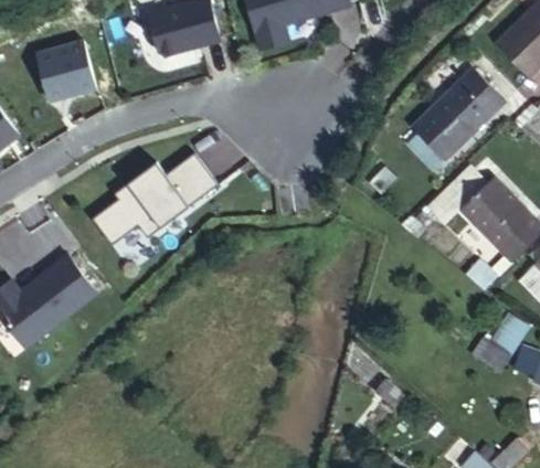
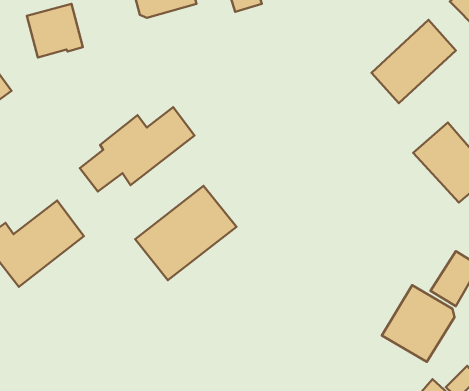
building: none -> [135,186,236,280]
building: none -> [382,285,455,362]

